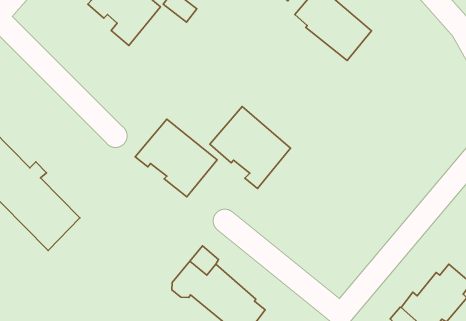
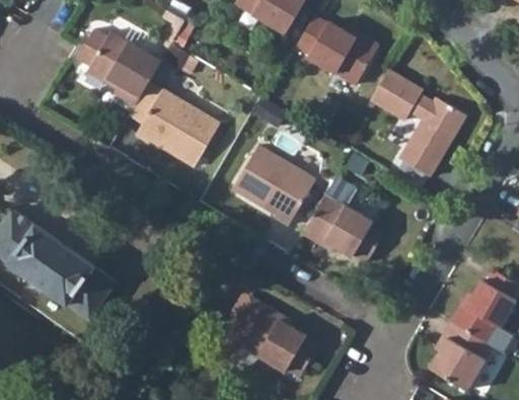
building: none -> [369,69,466,175]
building: [135,119,217,197] -> [139,91,221,165]
building: none -> [304,191,385,260]

